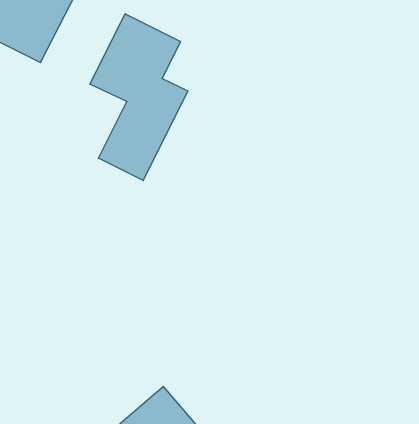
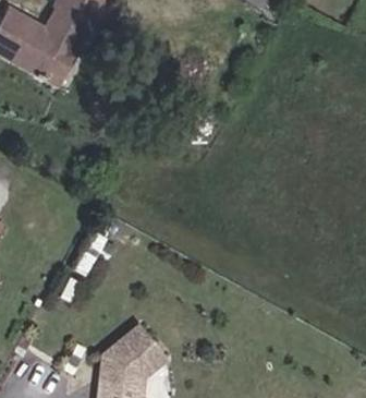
building: [90,14,188,181] -> none

